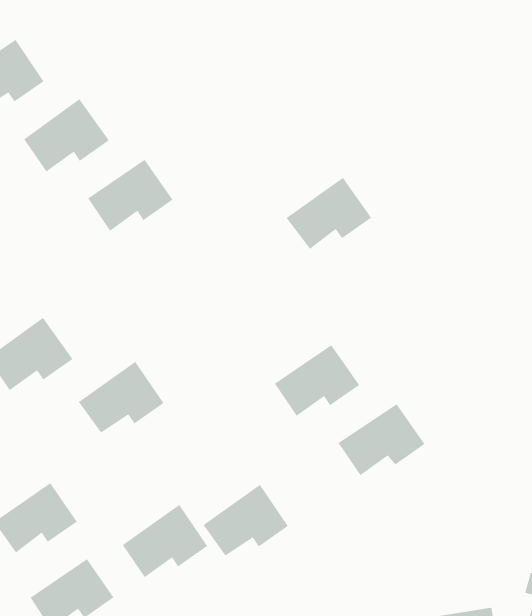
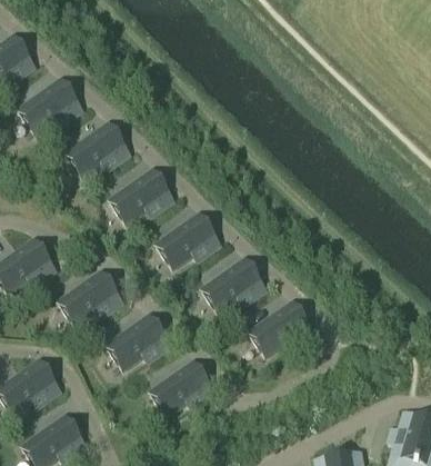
building: [286,177,372,250] -> [157,214,220,267]
building: none -> [110,169,173,222]
building: [122,504,208,578] -> [107,314,170,368]

